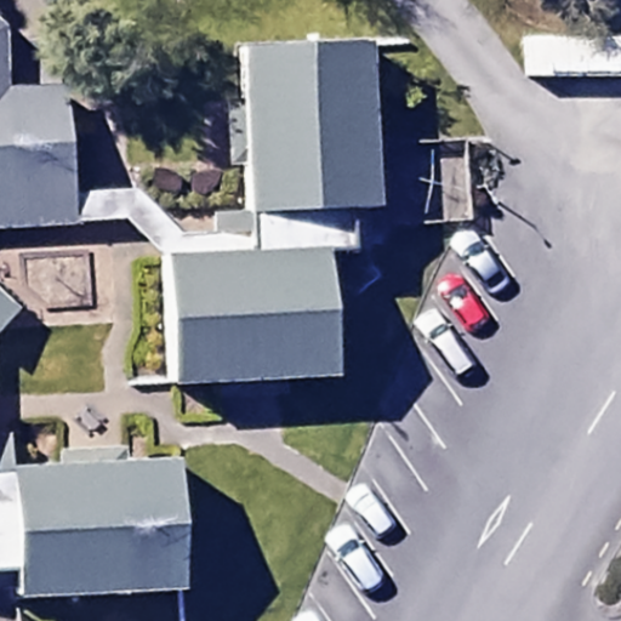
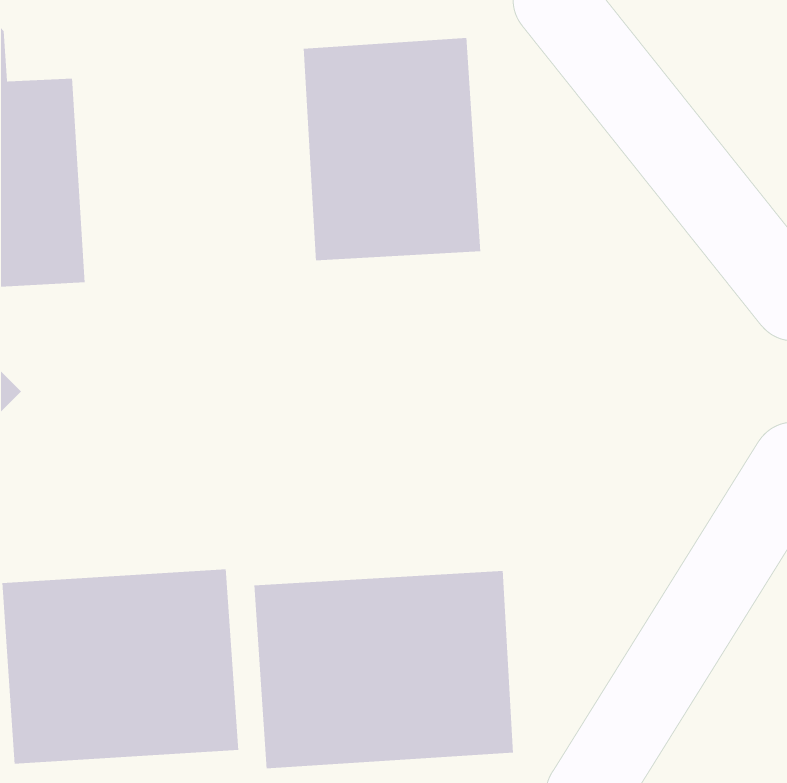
building: [166,245,341,383] -> none
building: none -> [253,570,514,769]

